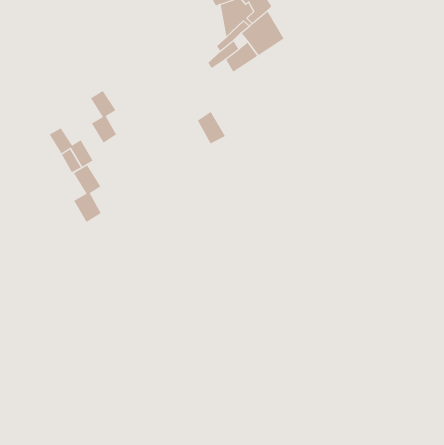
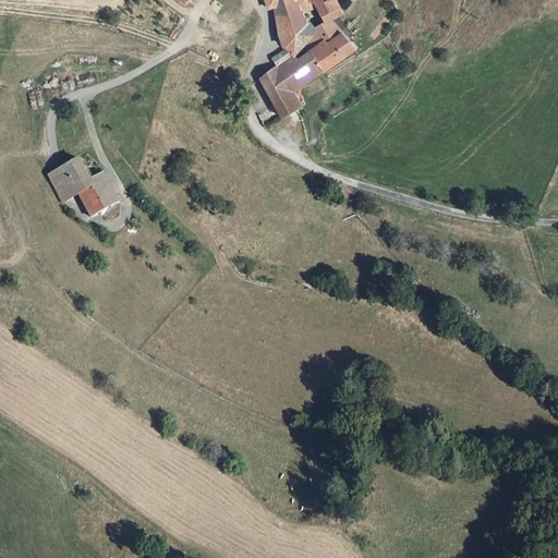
building: [90,90,117,143] -> none
building: [197,111,226,144] -> [264,74,300,116]
building: none -> [47,168,76,201]
building: [73,164,101,223] -> none

